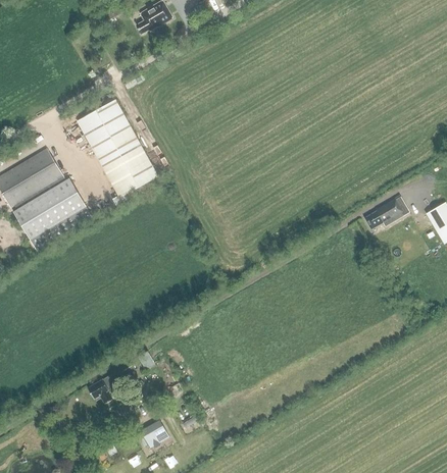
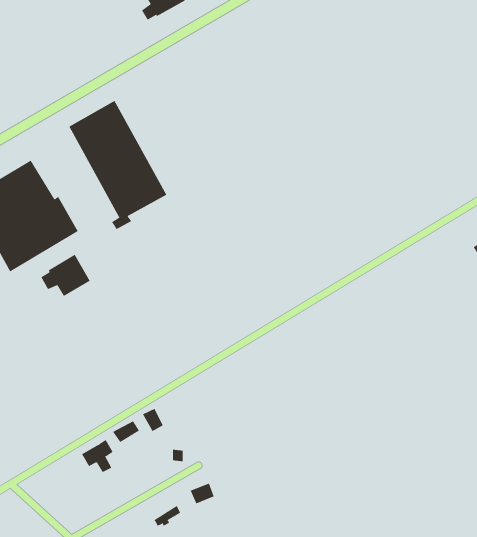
building: [363,197,403,228] -> none
building: none -> [41,254,90,297]

